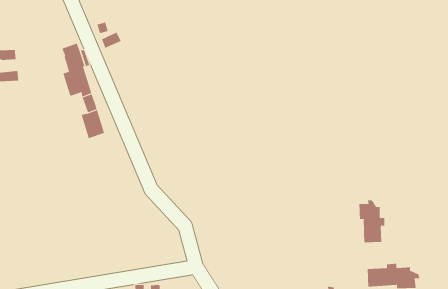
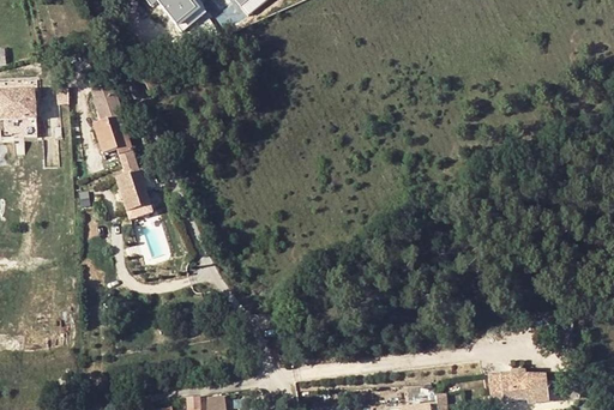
building: [359,200,385,243] -> none

